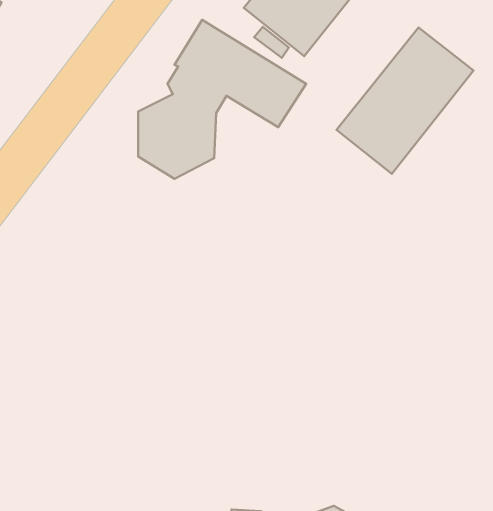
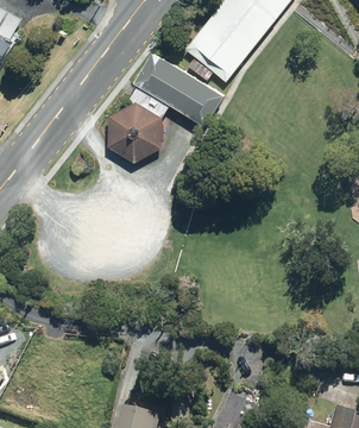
building: [336,28,474,174] -> none

